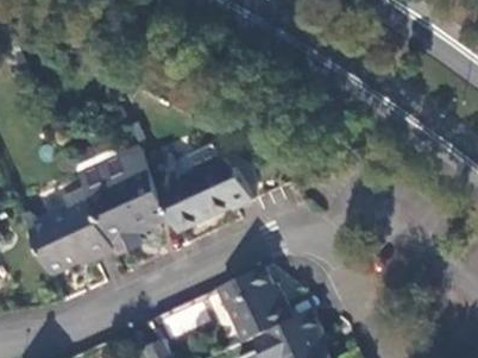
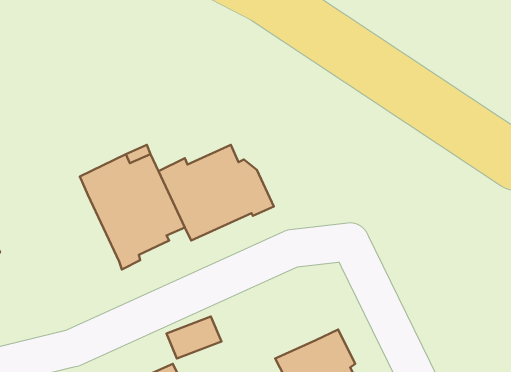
building: [27,190,112,276] -> none
building: [216,269,290,345] -> none

